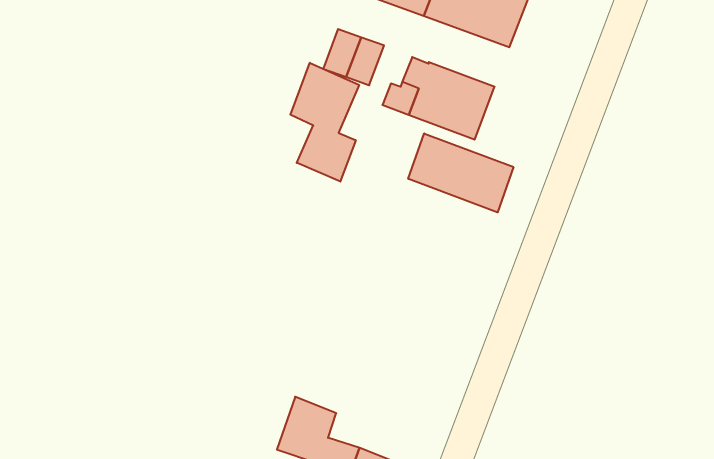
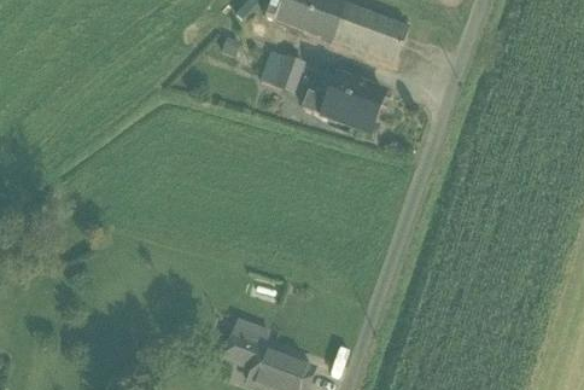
building: [290,63,359,182] -> none
building: [408,133,513,212] -> none

